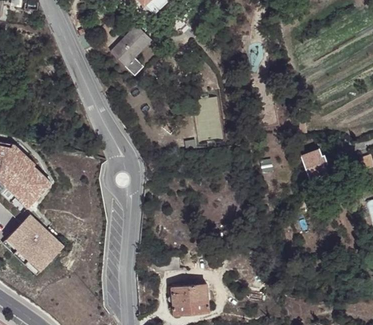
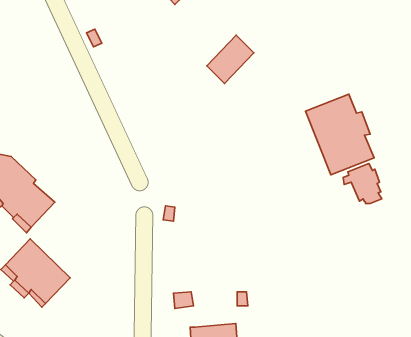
building: [110,25,150,66] -> [207,35,254,83]
building: none -> [305,94,374,175]

